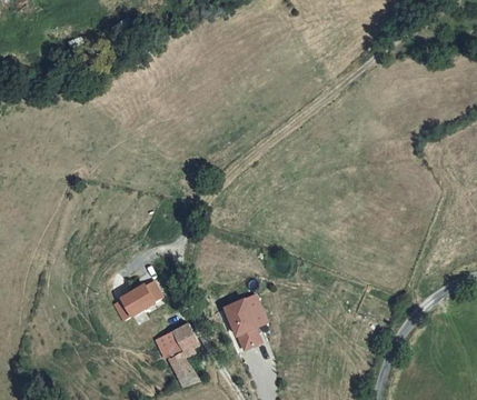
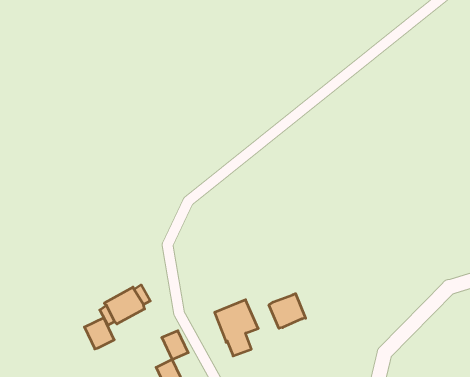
building: none -> [269,294,306,328]
building: [155,330,183,360] -> [84,318,114,349]

